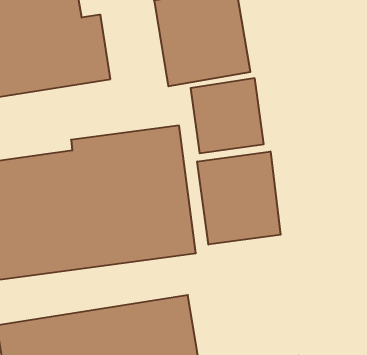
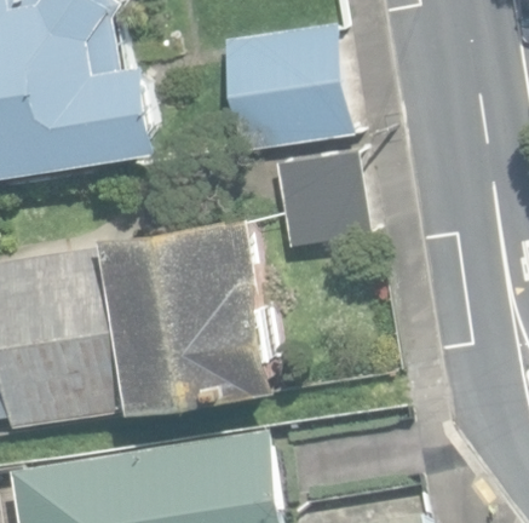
building: [197,151,281,245] -> none

